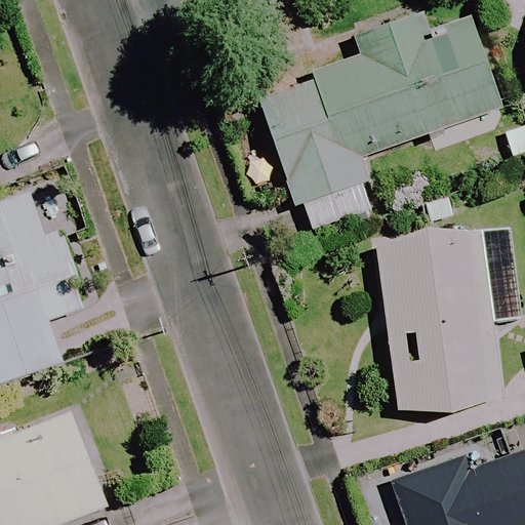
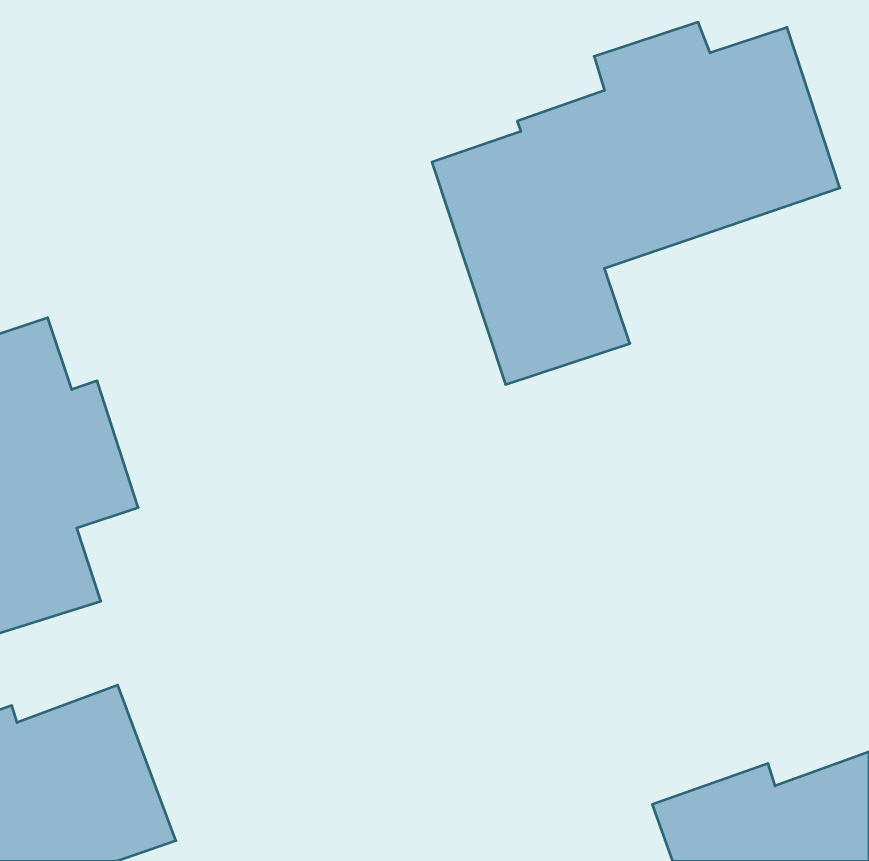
building: [376,225,510,415] -> none

